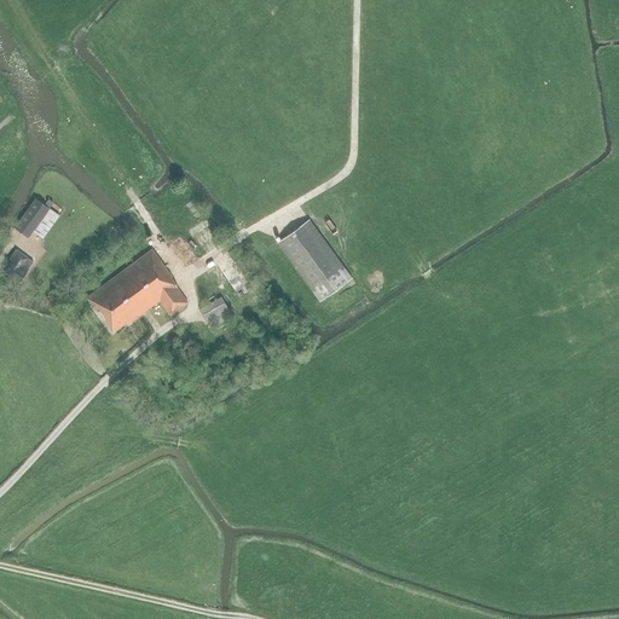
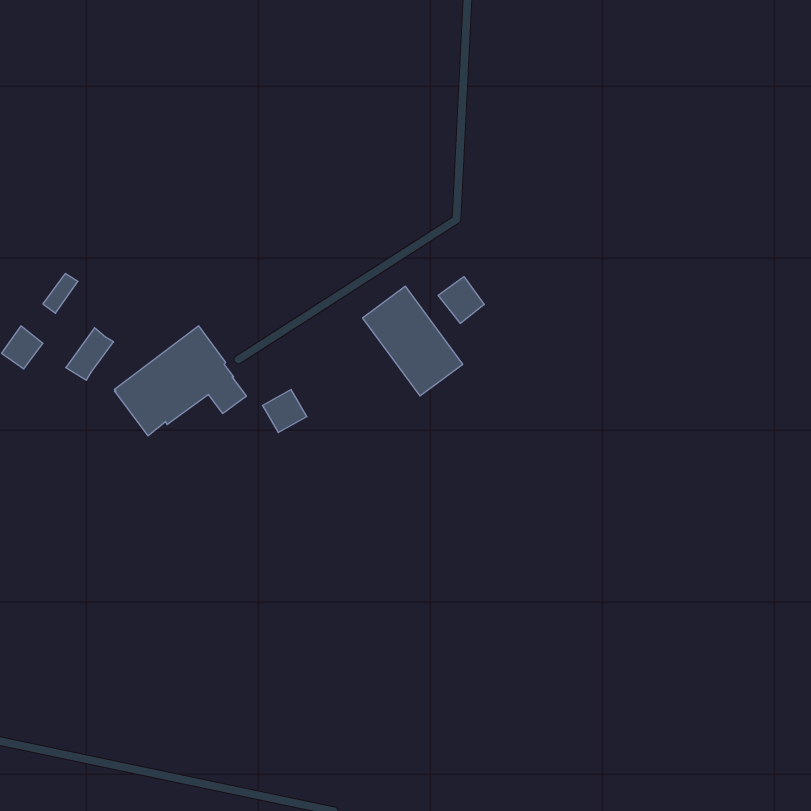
building: [15,197,51,237] -> [66,328,114,380]
building: none -> [438,277,484,323]

